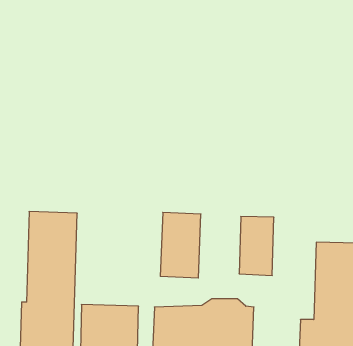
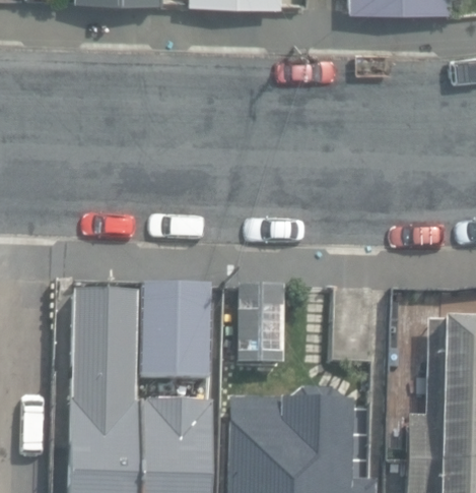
building: none -> [140,284,212,379]

